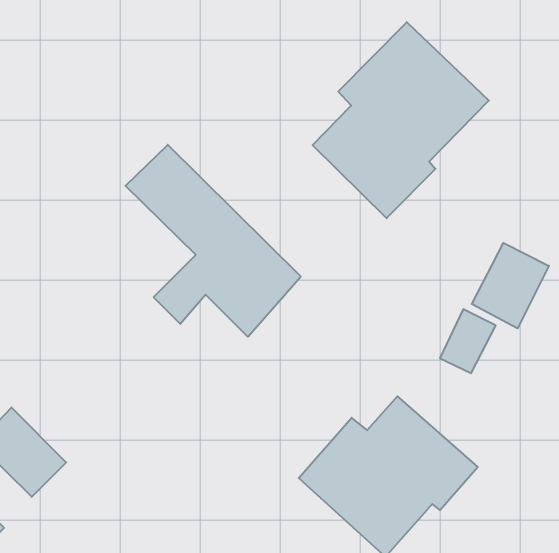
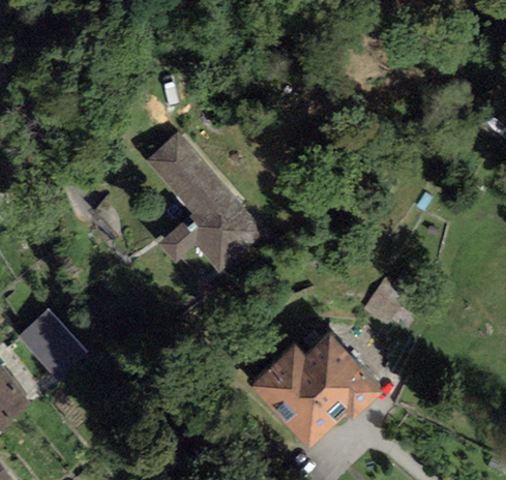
building: [313,22,489,218] -> none
building: [472,243,549,328] -> none

